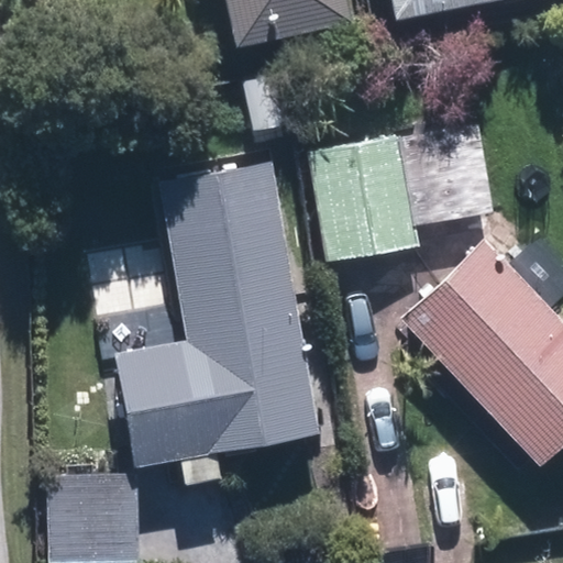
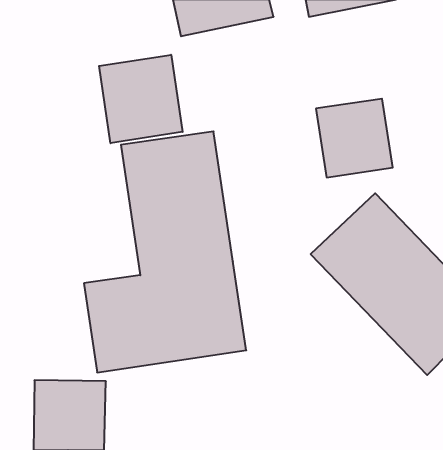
building: none -> [99,55,183,143]
building: [310,135,420,260] -> none

